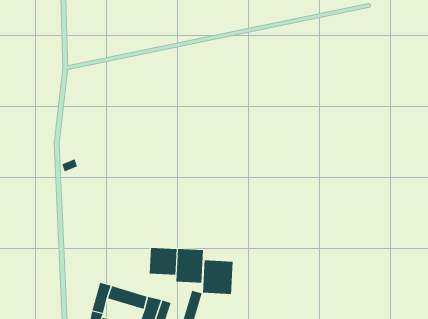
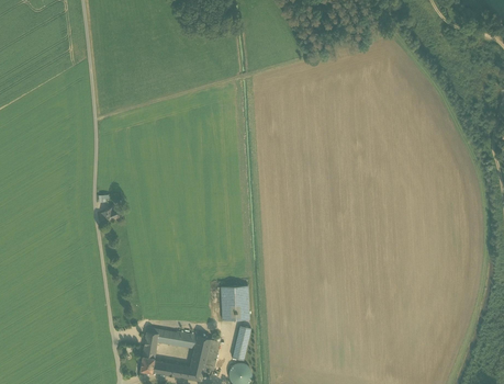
building: [149,247,177,276] -> none
building: [203,259,233,295] -> none

